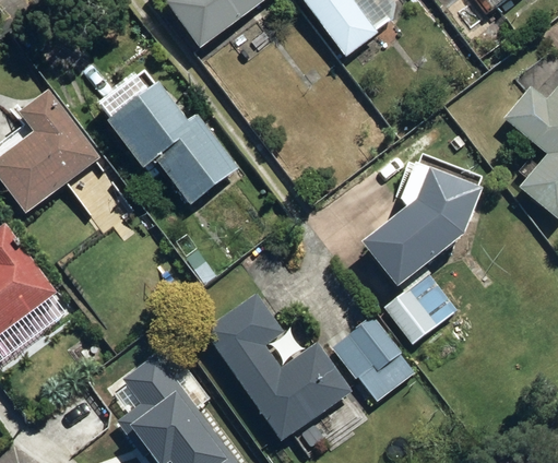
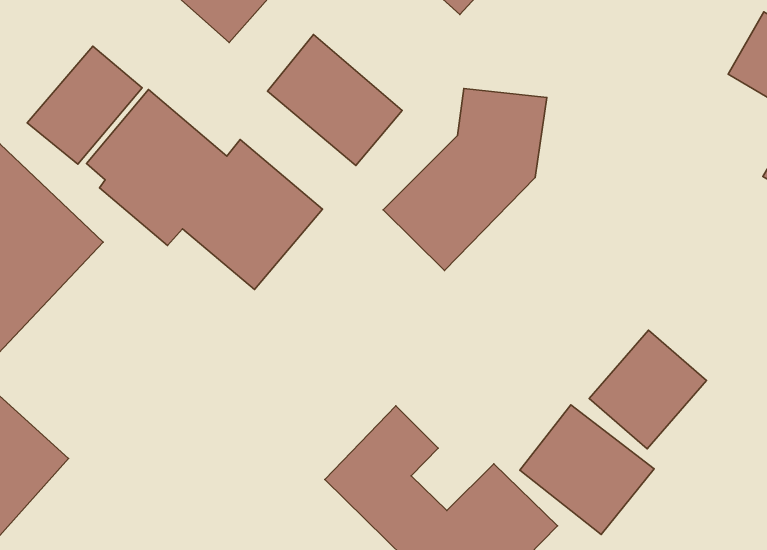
building: none -> [27,46,142,164]
building: none -> [267,35,402,165]
building: [377,166,489,276] -> [383,88,547,270]

